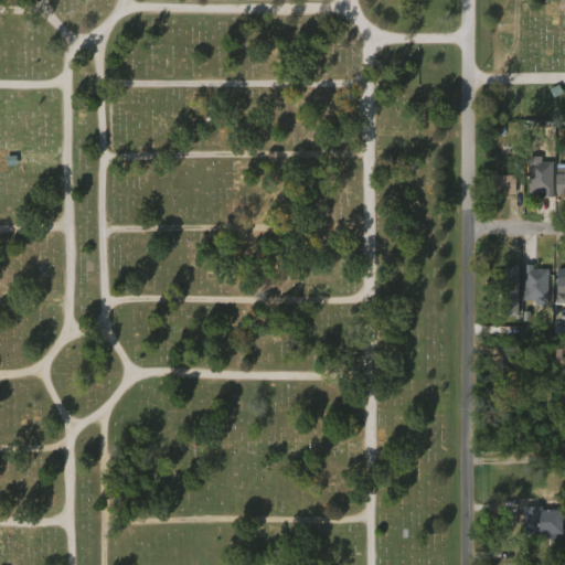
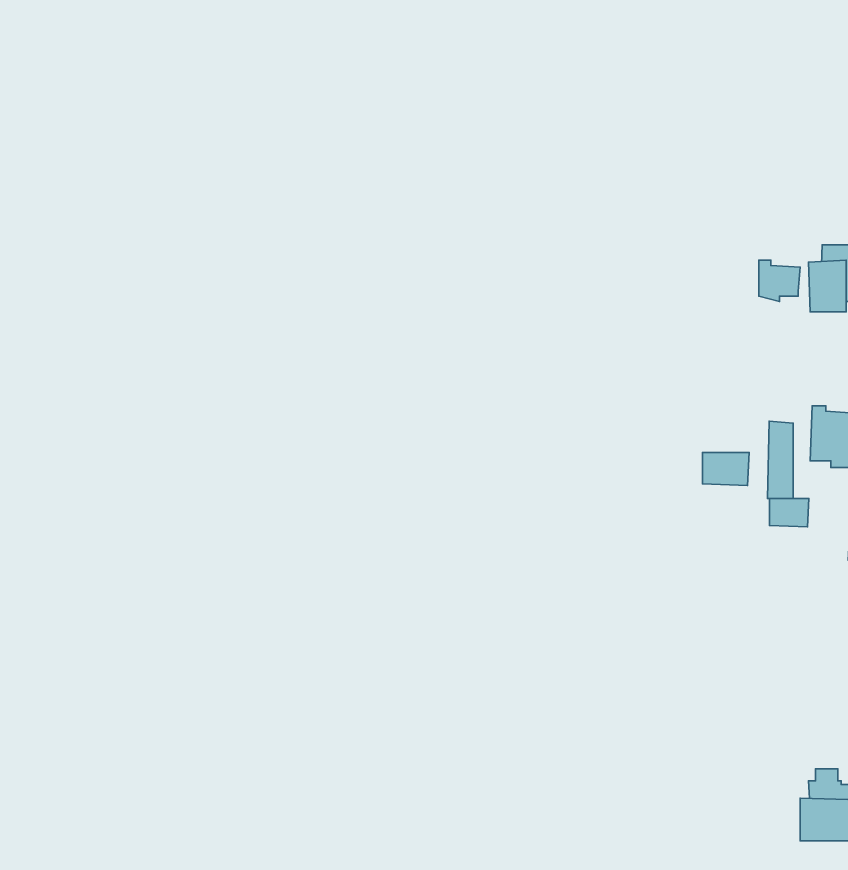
building: none -> [702,453,749,485]
building: none -> [770,498,809,527]

